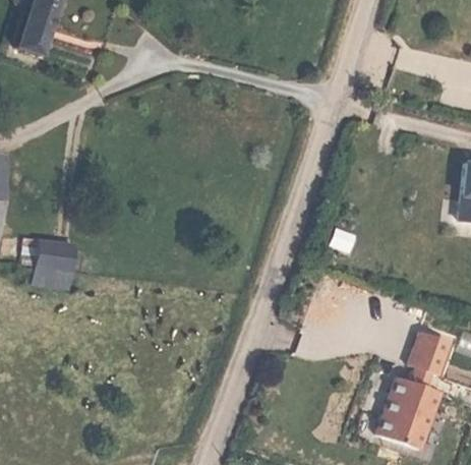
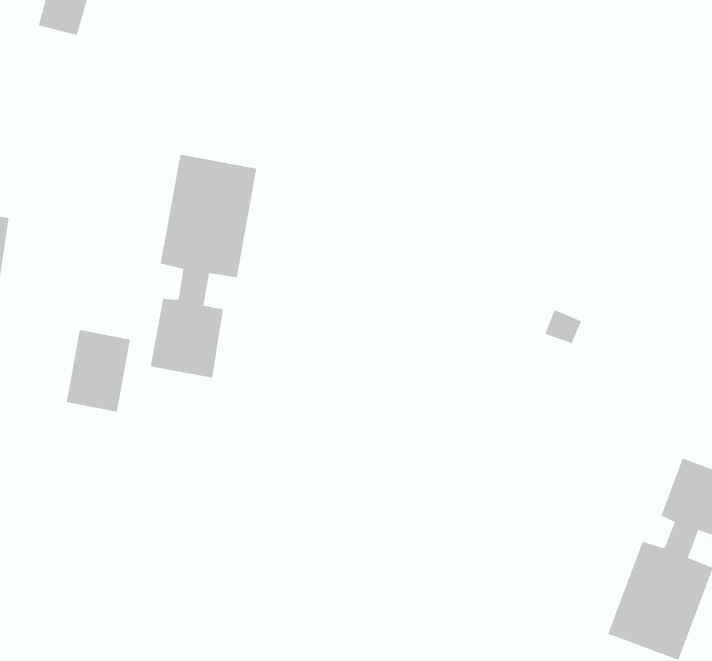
building: none -> [150,154,257,378]

